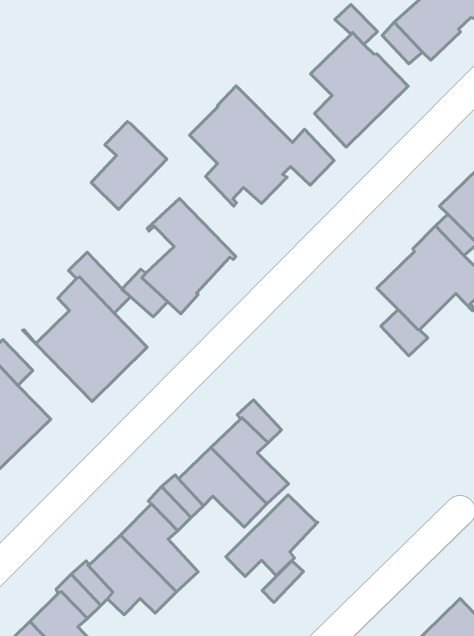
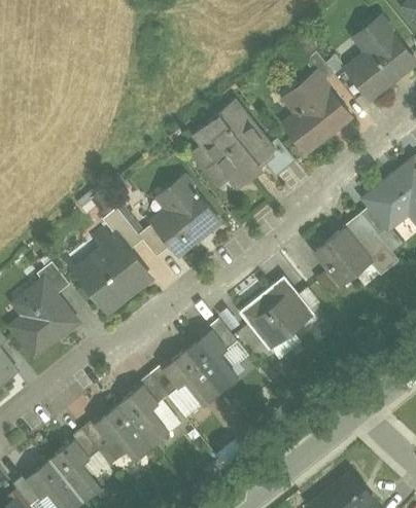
building: [91,121,167,209] -> none
building: none -> [239,286,312,349]
building: [226,495,318,577] -> none

